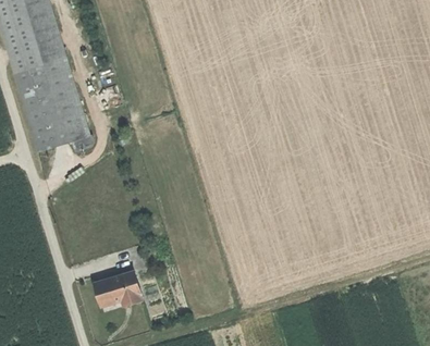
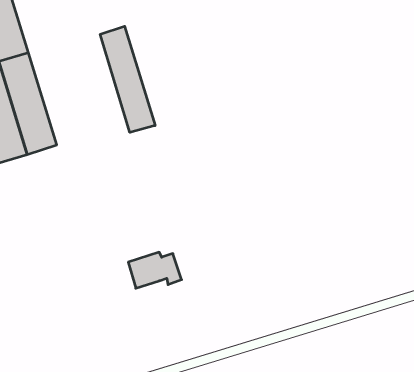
building: none -> [100,26,155,132]
building: [91,276,138,308] -> [128,252,182,288]

